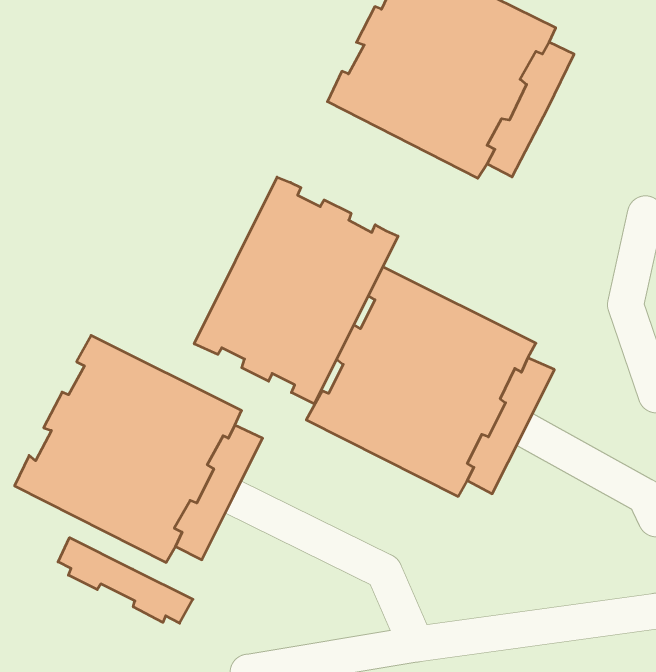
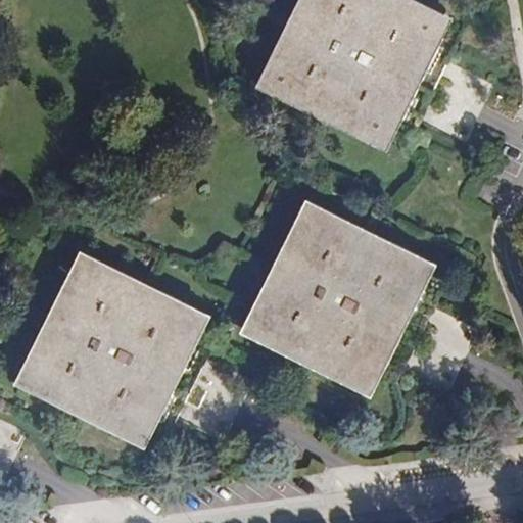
building: [194,177,398,404] -> none
building: [58,538,193,623] -> none

